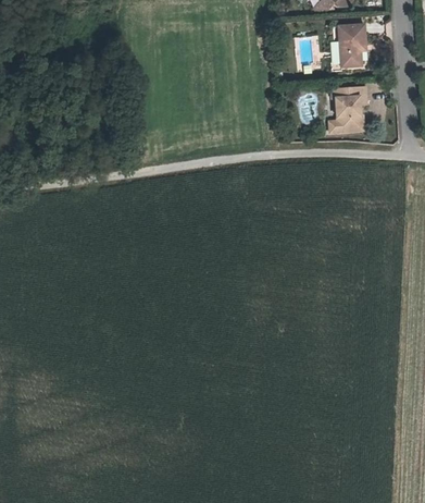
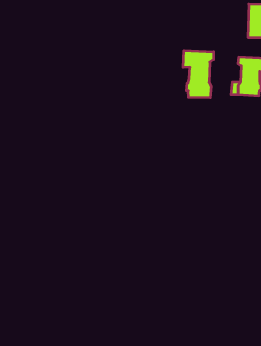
building: none -> [183,51,214,98]

